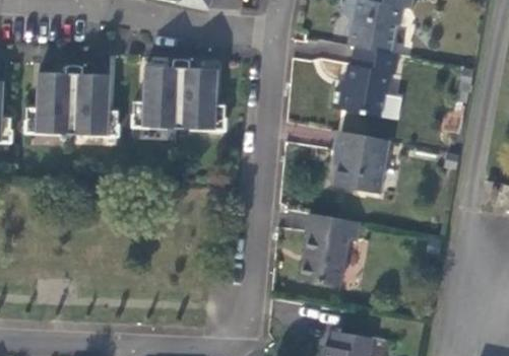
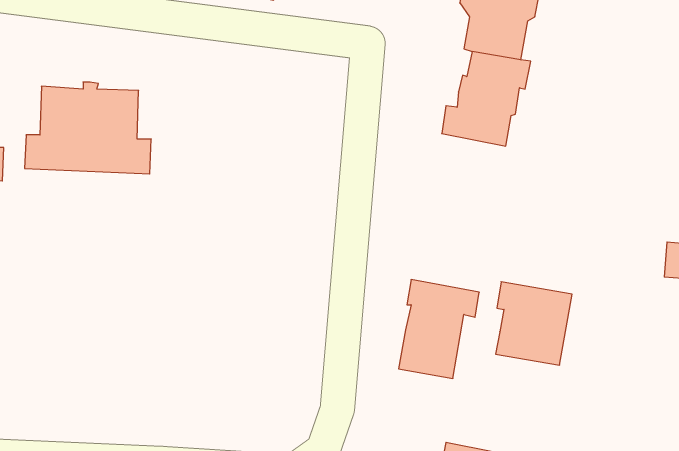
building: [134,63,225,129] -> none
building: [333,130,389,191] -> [496,282,572,365]

